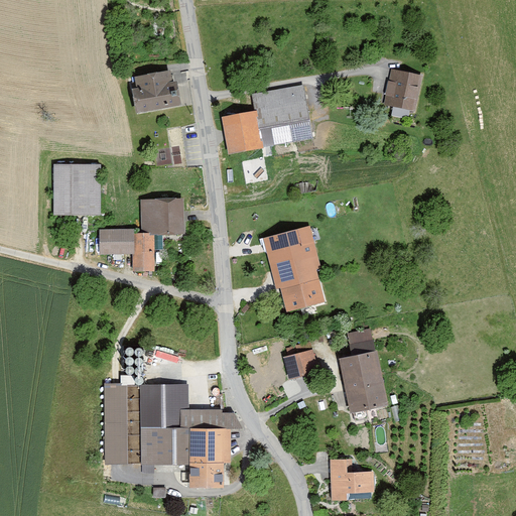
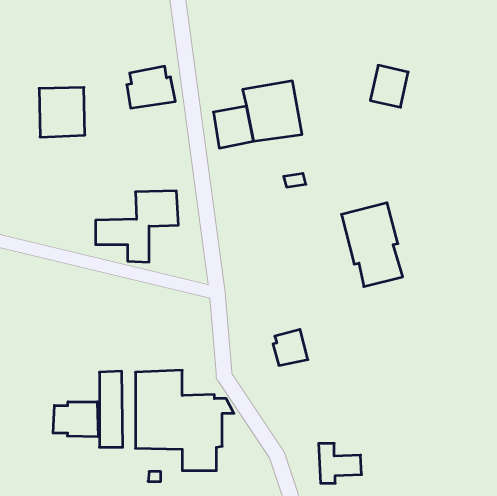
building: [53,163,101,215] -> [39,87,85,137]
building: [262,225,326,311] -> [341,203,403,287]
building: [338,327,388,412] -> none
building: none -> [53,402,98,437]

